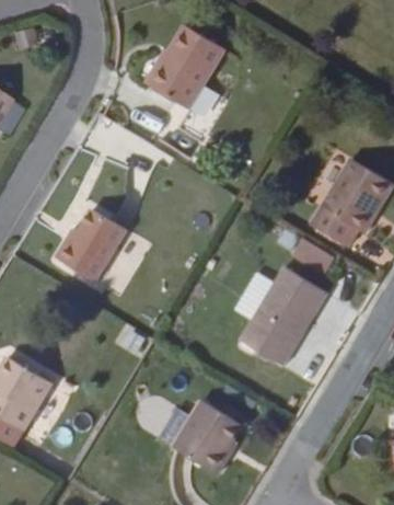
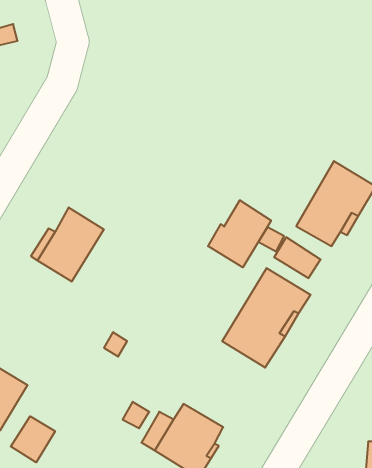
building: [148,26,223,144] -> none
building: none -> [208,200,271,267]
building: none -> [11,416,55,462]

